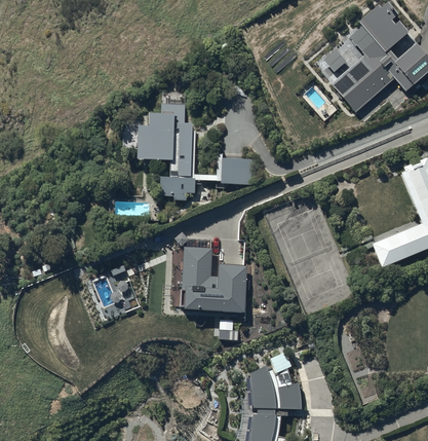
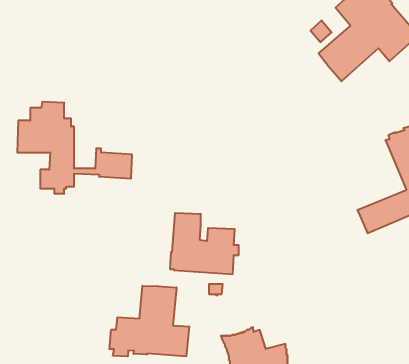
building: [137,106,255,200] -> [17,102,132,194]
building: none -> [109,286,189,356]

